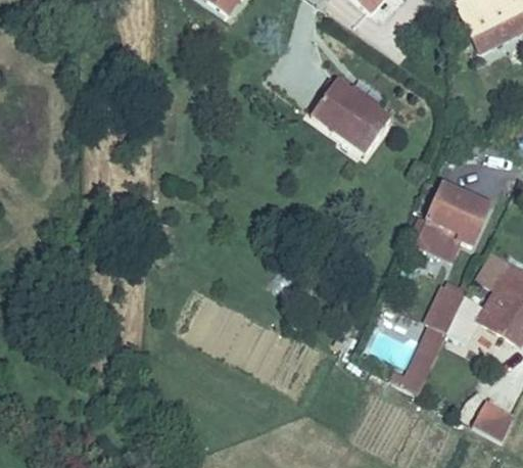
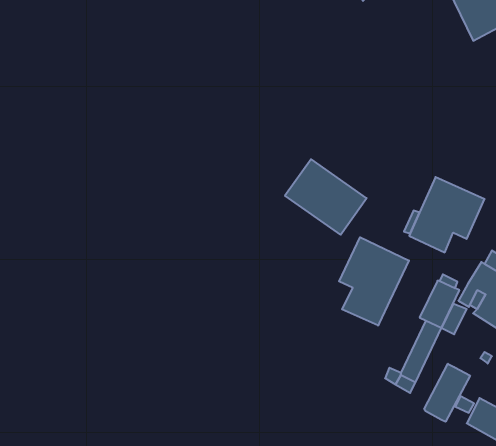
building: [311,78,390,151] -> [285,159,367,235]
building: none -> [339,237,409,326]
building: none -> [424,364,470,422]

